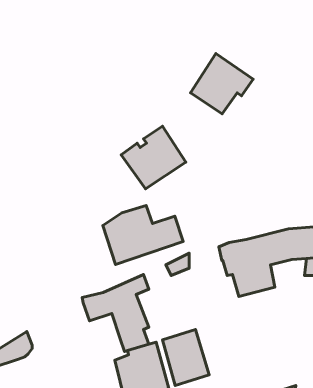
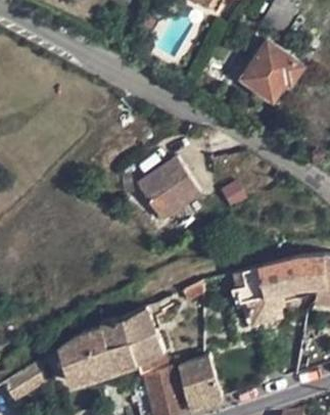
building: [191,54,253,114] -> [241,41,301,99]
building: [103,205,183,265] -> [58,329,136,386]

